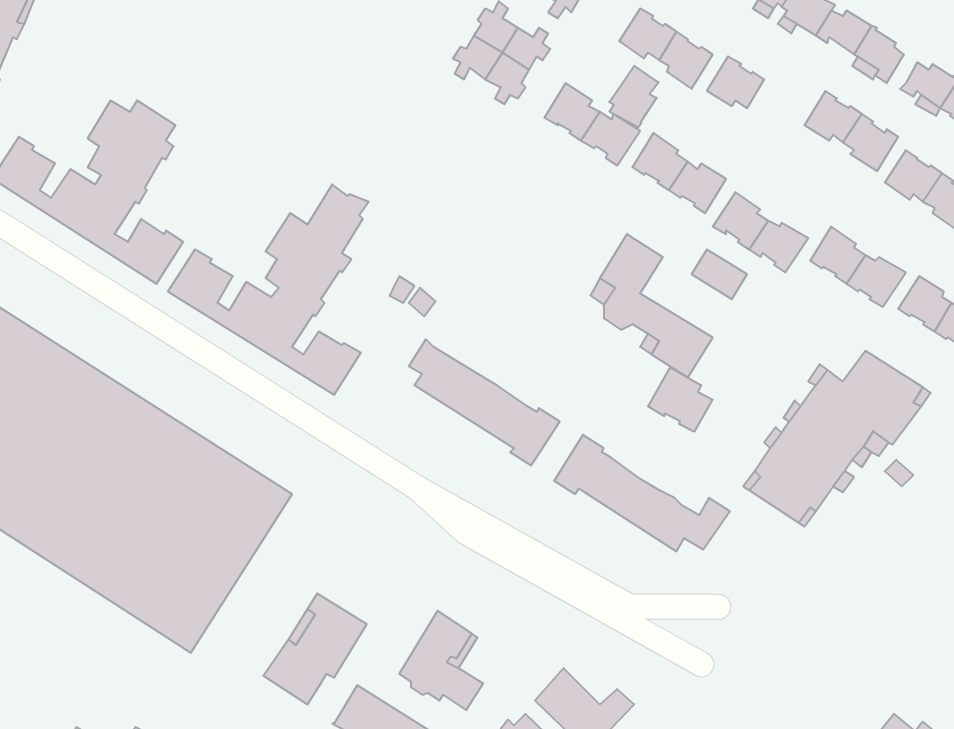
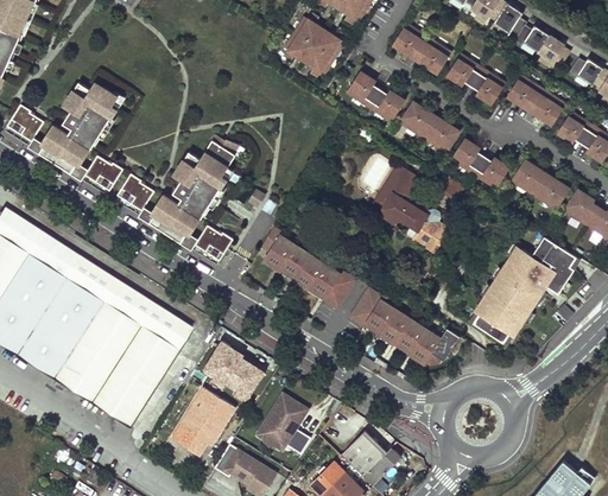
building: [609,66,659,128] -> none
building: none -> [471,68,505,103]
building: [648,368,713,432] -> none
building: none -> [201,333,268,403]

